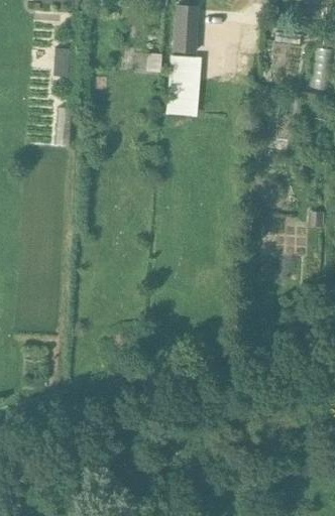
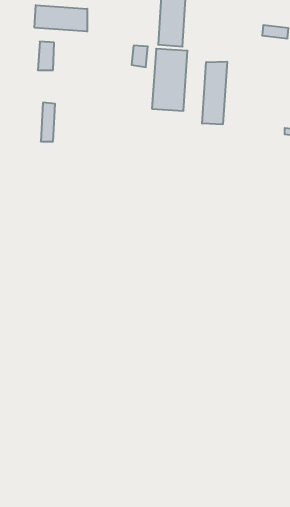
building: none -> [35,5,87,32]
building: none -> [202,62,227,124]

